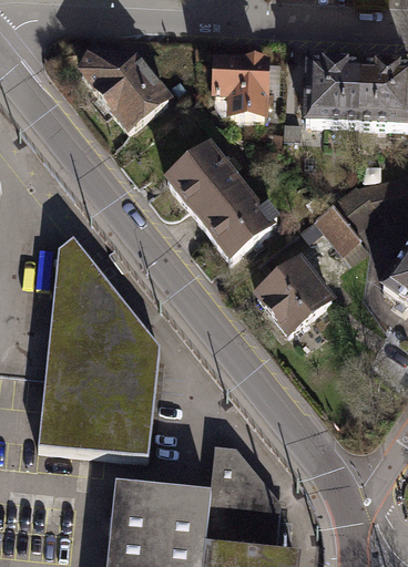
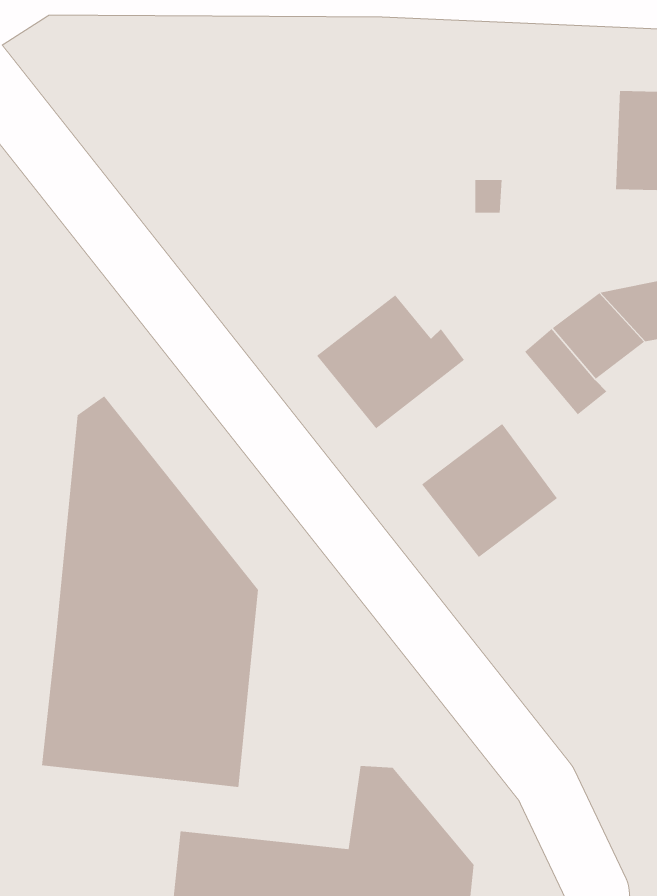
building: [208,54,265,115] -> none
building: [83,55,167,128] -> none
building: [307,66,363,123] -> none
building: [160,140,237,216] -> none

